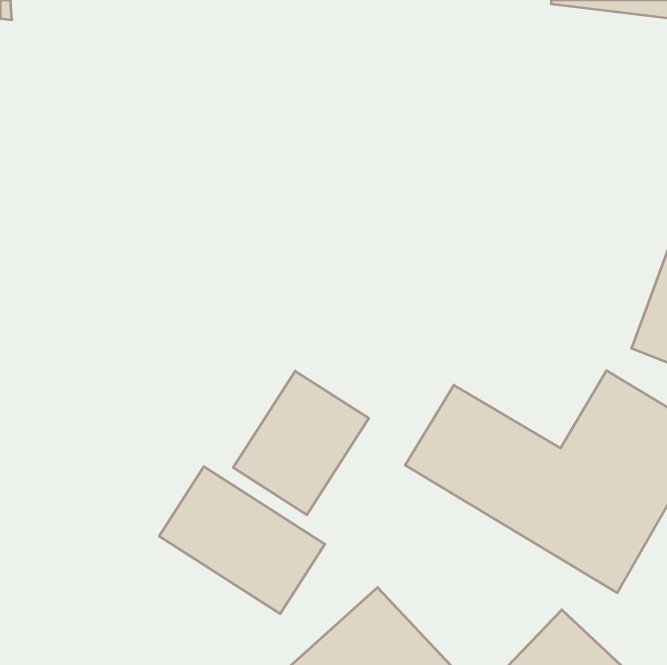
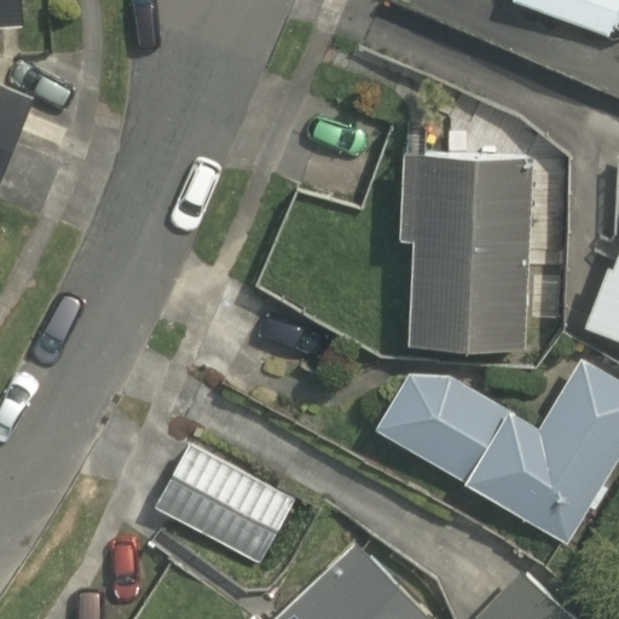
building: none -> [413,149,530,353]
building: [233,371,369,515] -> none

